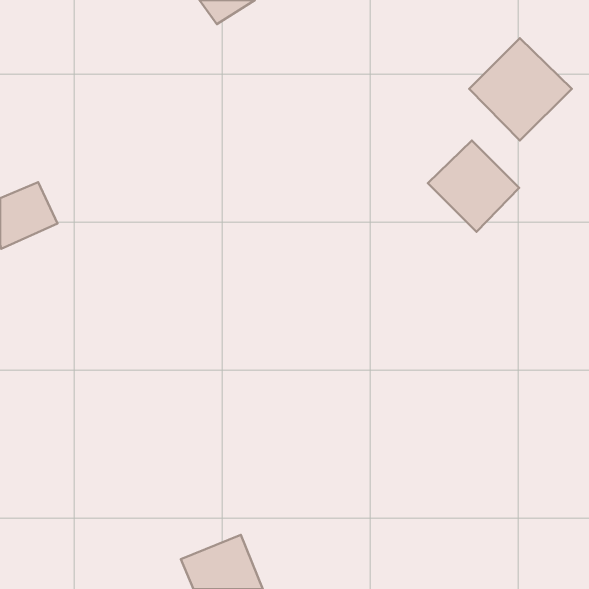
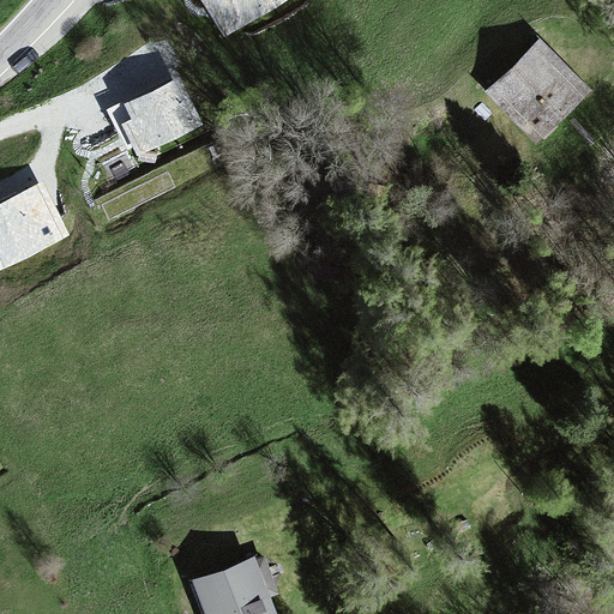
building: none -> [119,72,198,149]
building: [428,141,519,232] -> none

